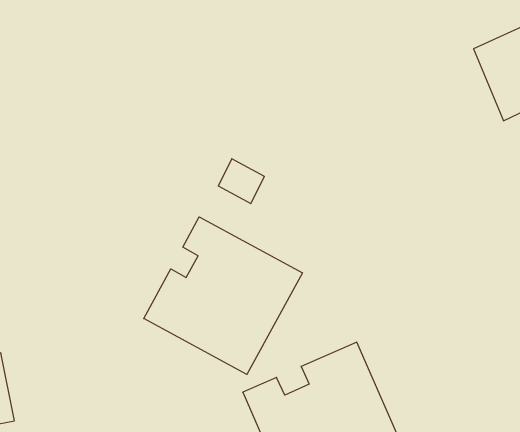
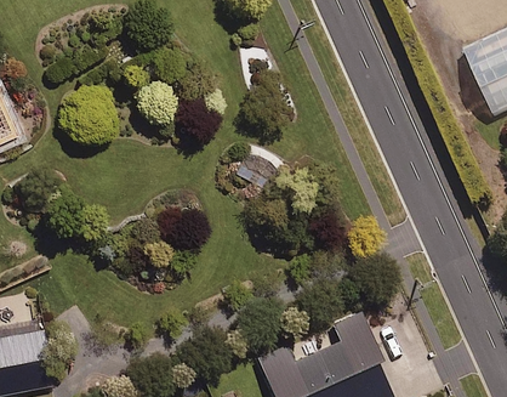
building: [144,217,302,374] -> none

